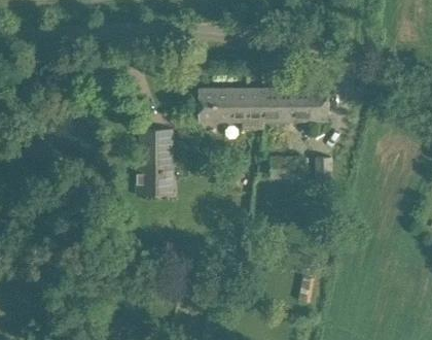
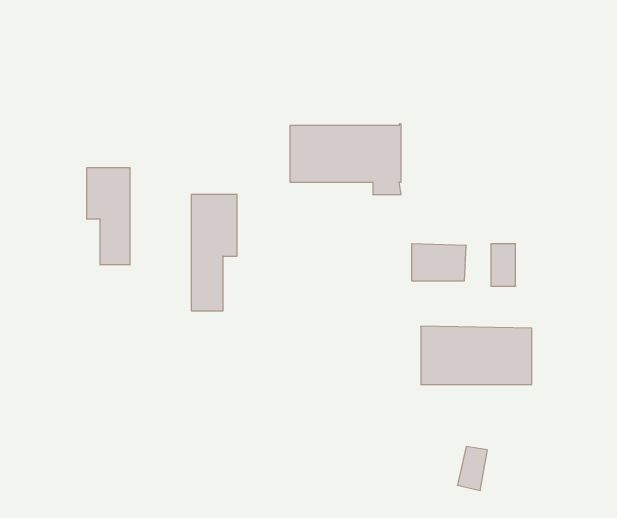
building: [265,88,330,122] -> [421,326,532,384]
building: none -> [87,168,130,265]

